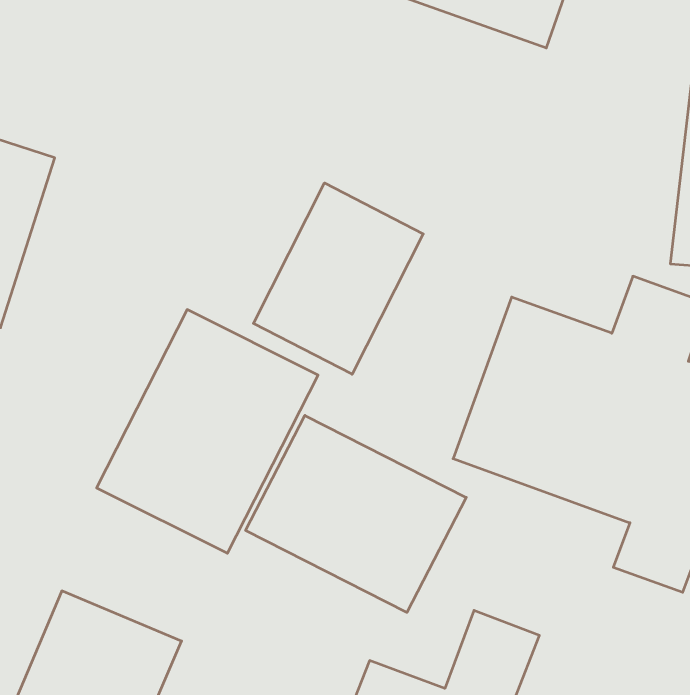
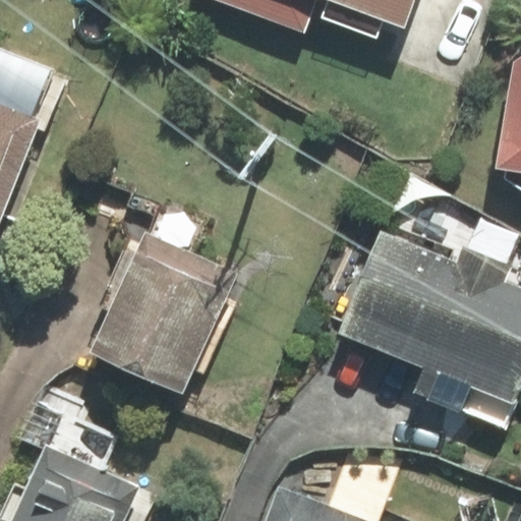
building: [253,183,423,374] -> none
building: [246,415,466,612] -> none

